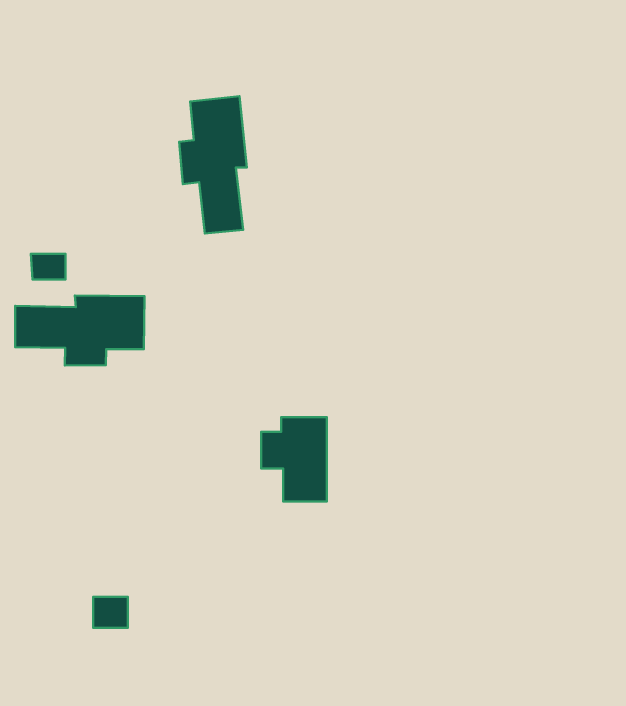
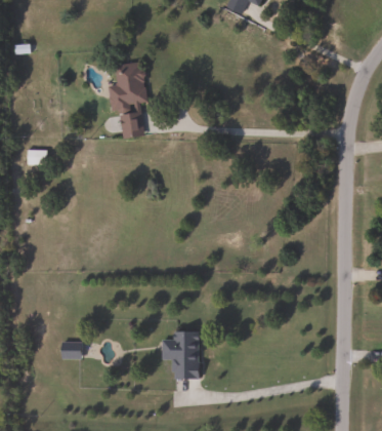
building: [15,296,145,365] -> none
building: [261,417,327,501] -> [162,331,199,379]

